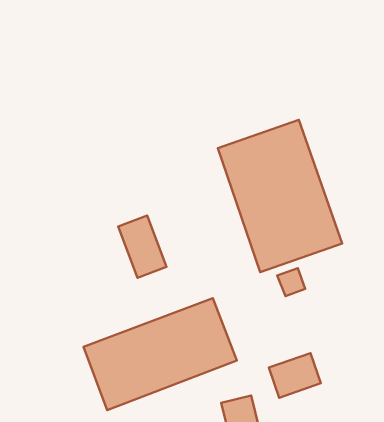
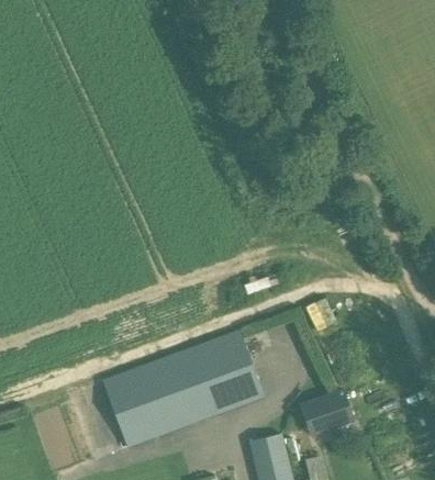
building: [218,120,342,272] -> none
building: [118,215,166,278] -> none

